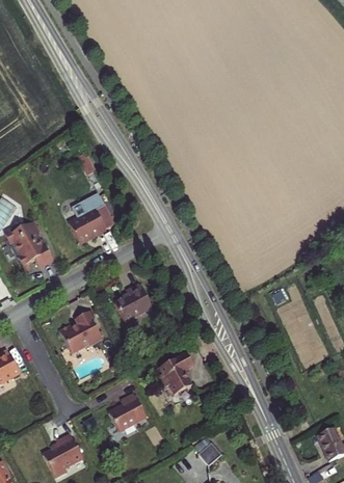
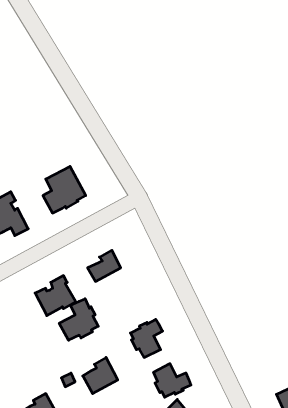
building: none -> [59,299,98,340]
building: none -> [154,364,191,397]

